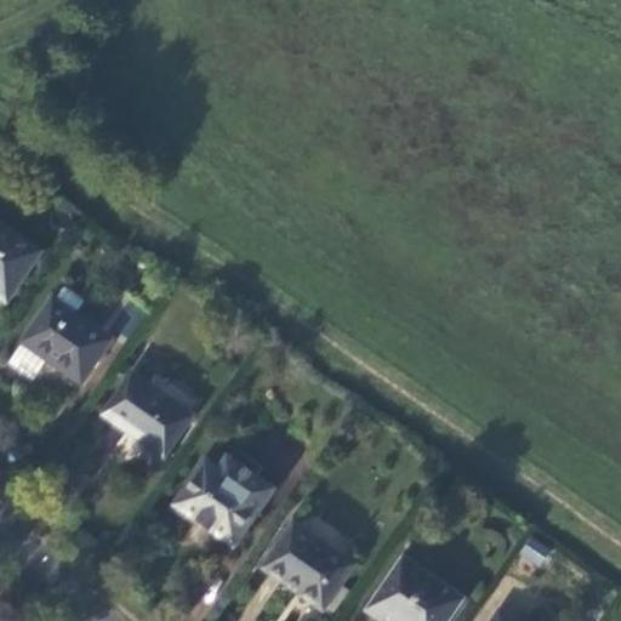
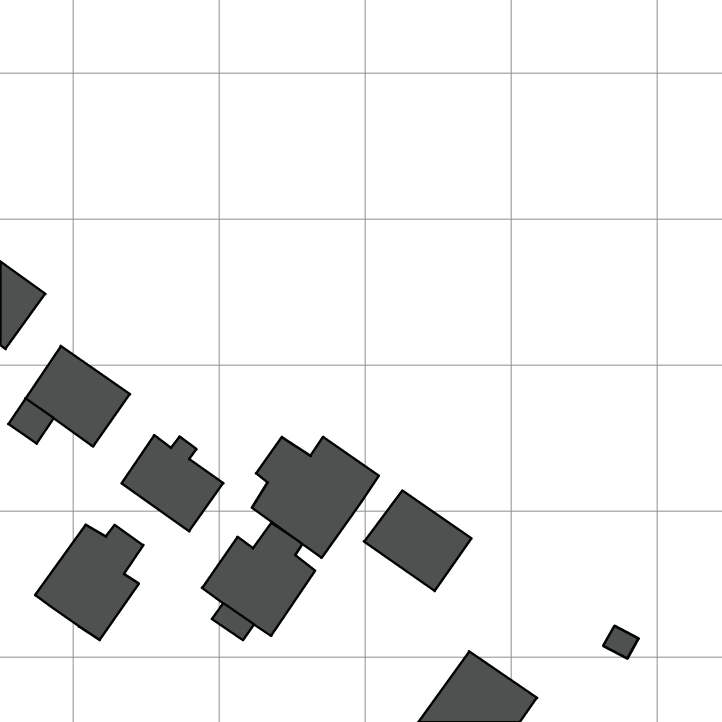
building: none -> [252,437,379,558]
building: none -> [35,525,143,640]
building: [261,525,353,611] -> [364,491,471,591]

